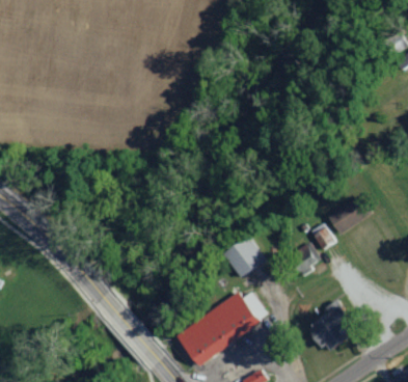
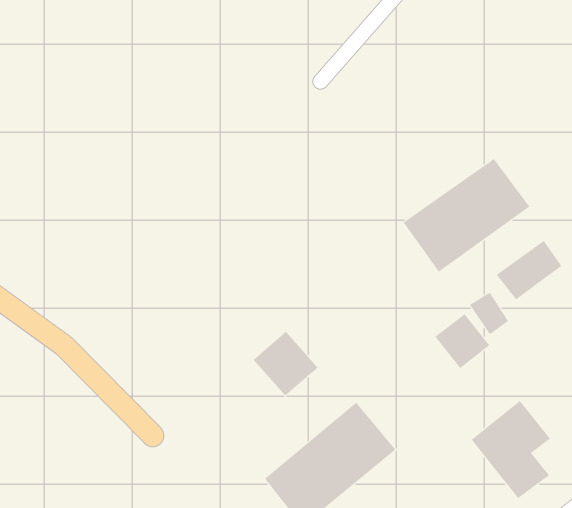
building: none -> [403,158,530,273]
building: [224,236,265,276] -> [253,331,319,396]

